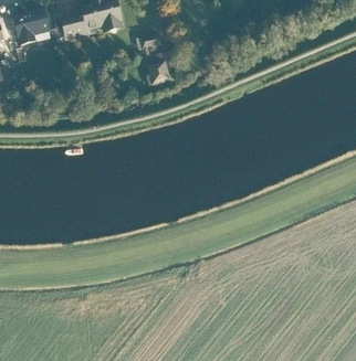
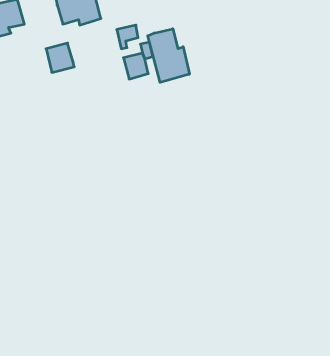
building: [61,14,88,43] -> [46,43,74,72]
building: none -> [148,29,189,82]

